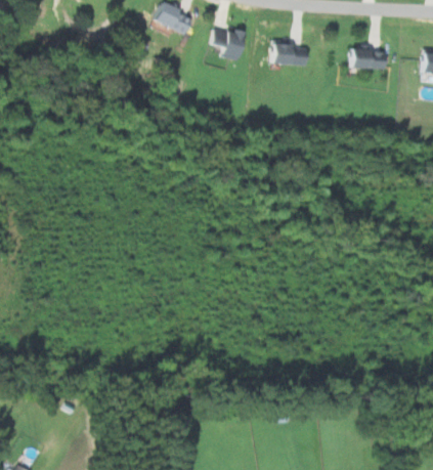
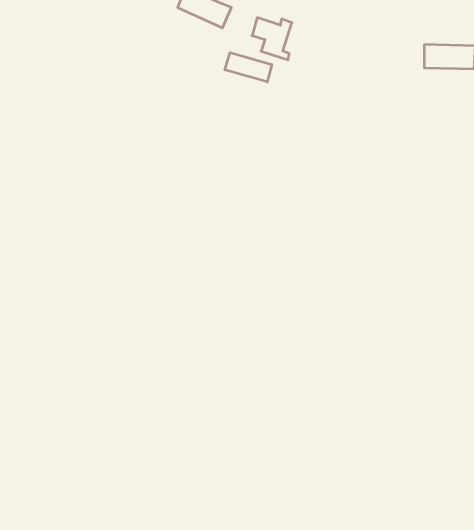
building: [269,41,310,66] -> none
building: none -> [225,53,272,82]

